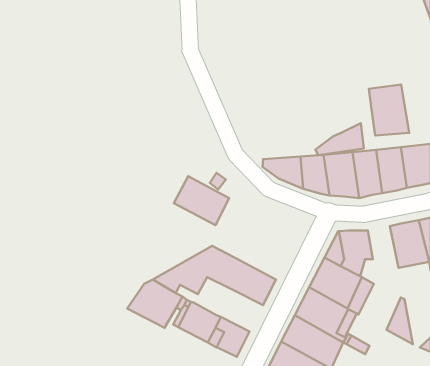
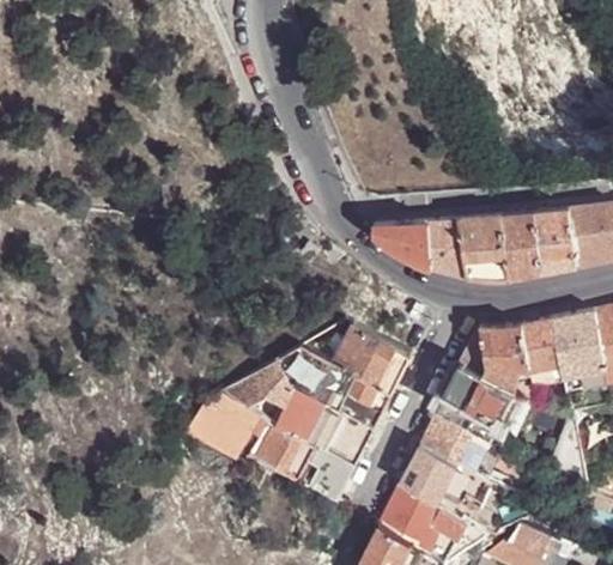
building: [369,85,409,136] -> none
building: [316,123,364,155] -> none
building: [174,176,229,225] -> [333,326,411,395]
building: none -> [521,320,564,378]
building: none -> [275,391,374,468]

